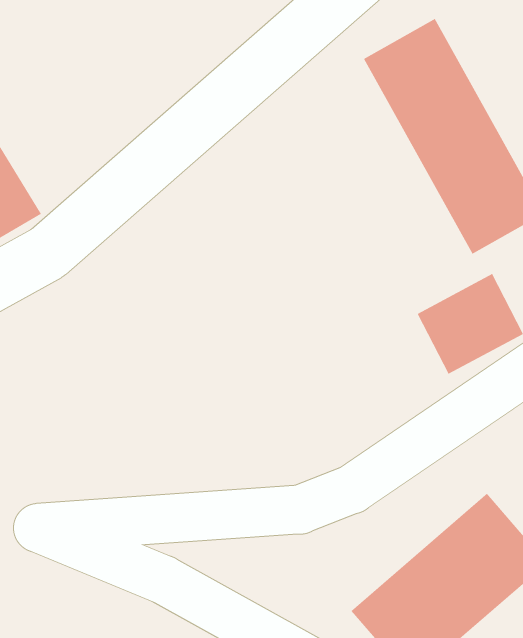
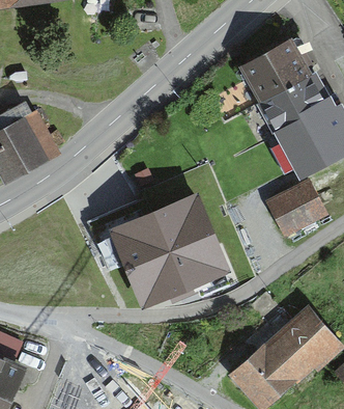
building: none -> [112,196,229,307]

